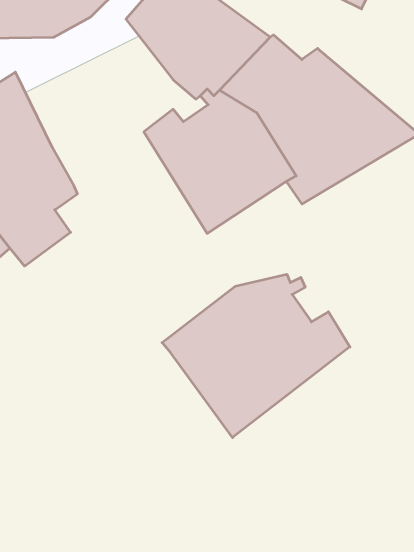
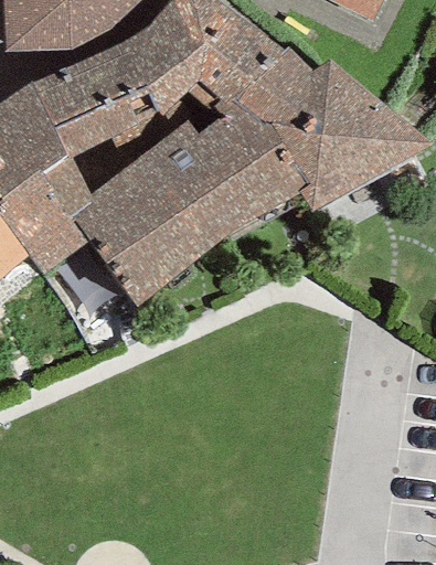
building: none -> [33,31,188,157]
building: none -> [72,141,221,307]
building: [162,274,350,438] -> none

